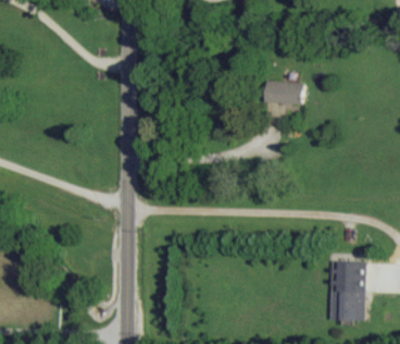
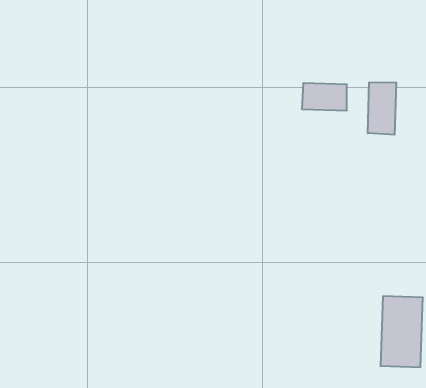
building: none -> [368,82,396,135]

